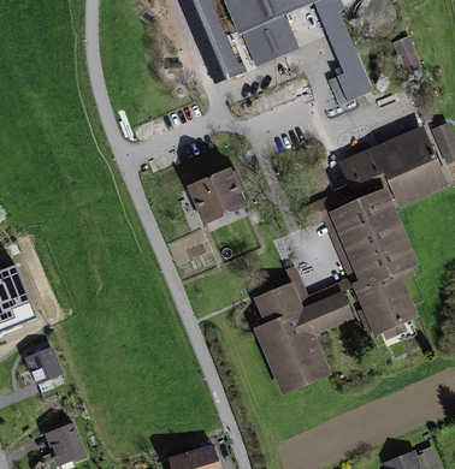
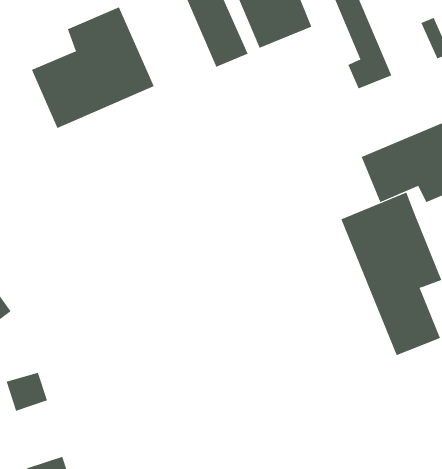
building: none -> [31,6,154,129]
building: [188,168,243,224] -> none
building: [254,278,350,387] -> none

